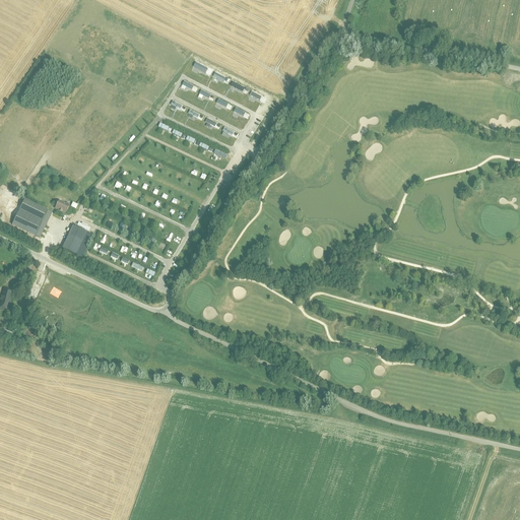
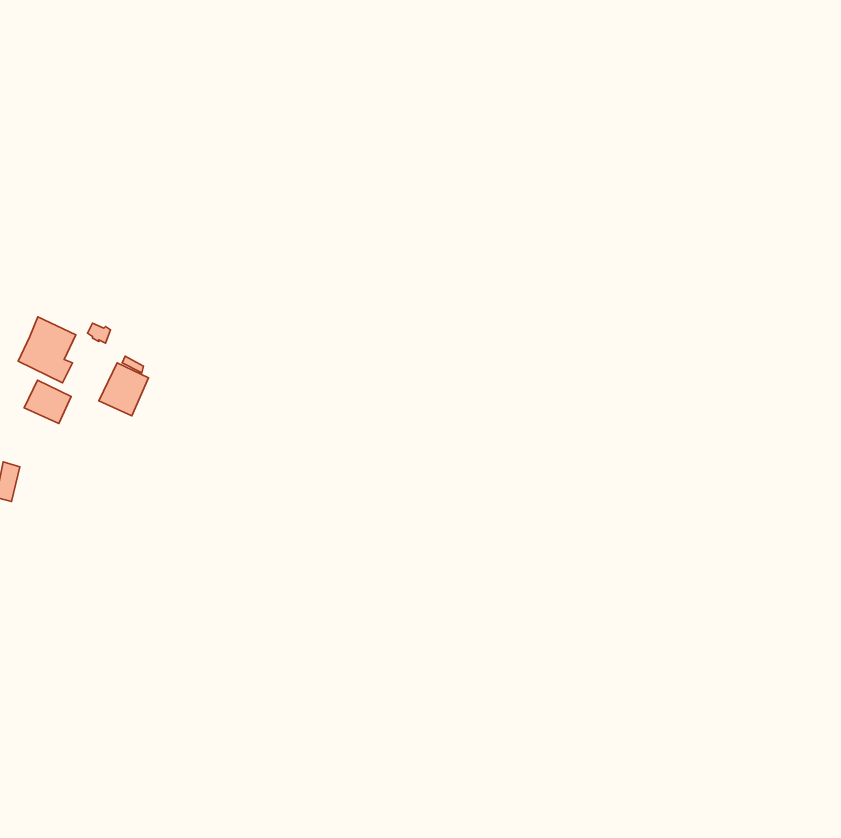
building: none -> [24,380,71,424]

